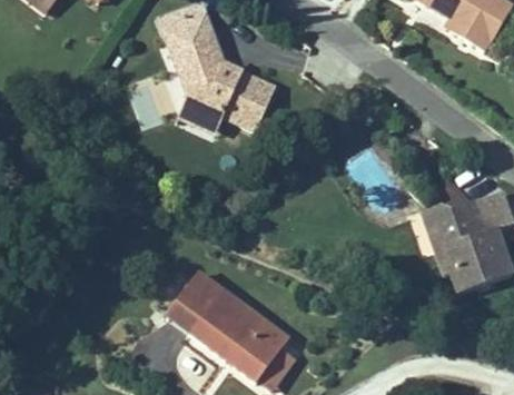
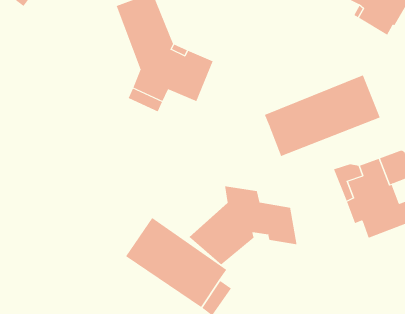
building: none -> [264,74,381,157]
building: none -> [189,185,297,266]

